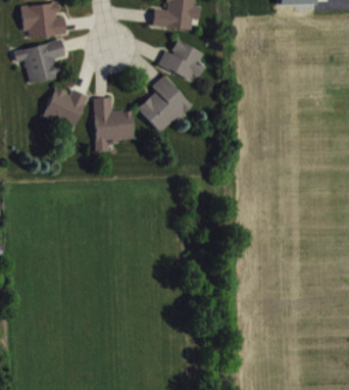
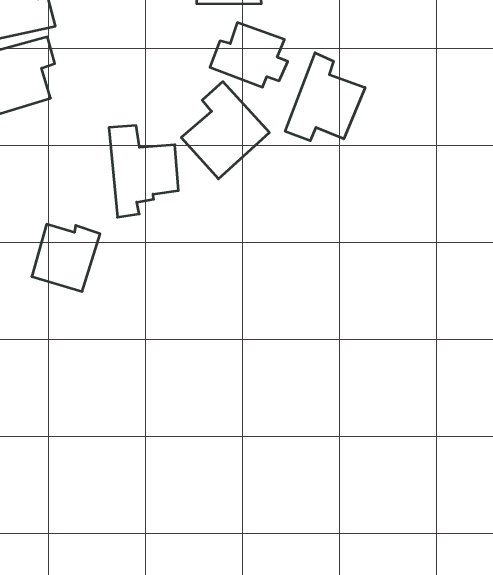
building: none -> [285,53,365,141]
building: [44,88,87,130] -> [32,224,100,291]

